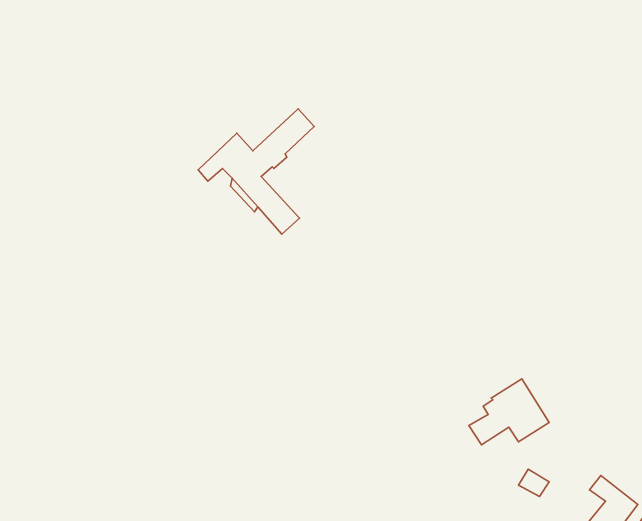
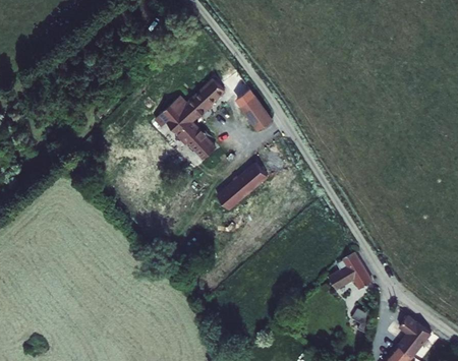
building: none -> [240,98,272,131]
building: none -> [218,165,268,213]

